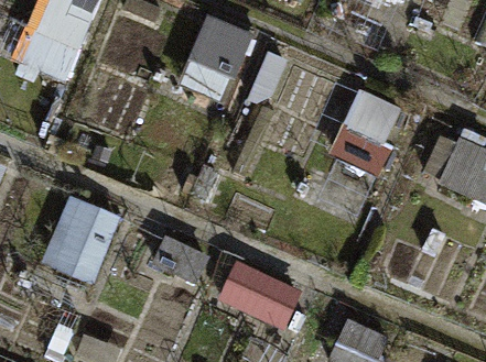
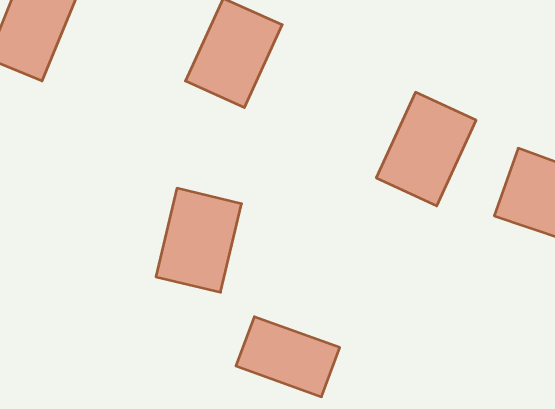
building: [48,197,116,278] -> [156,188,242,292]

